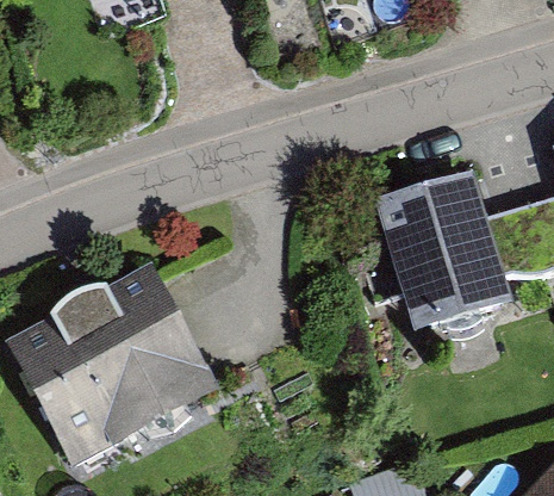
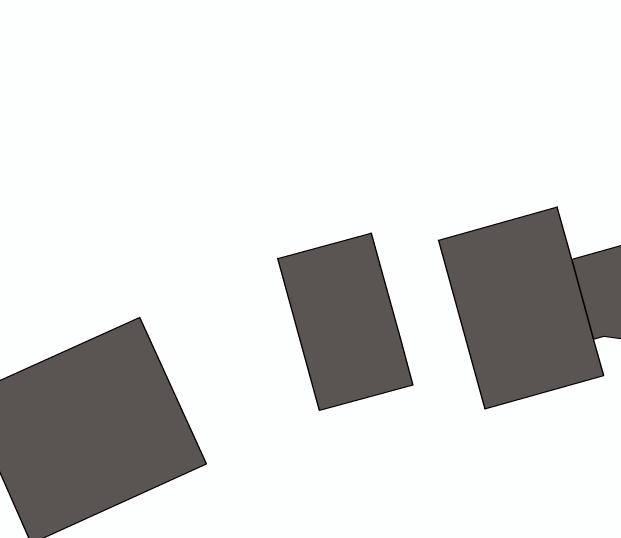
building: none -> [278,233,413,410]

